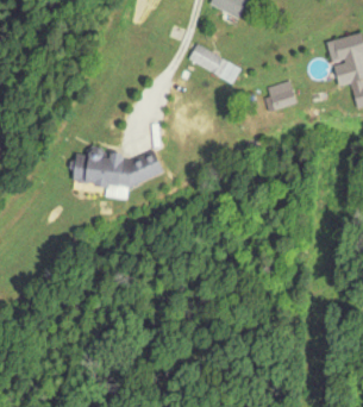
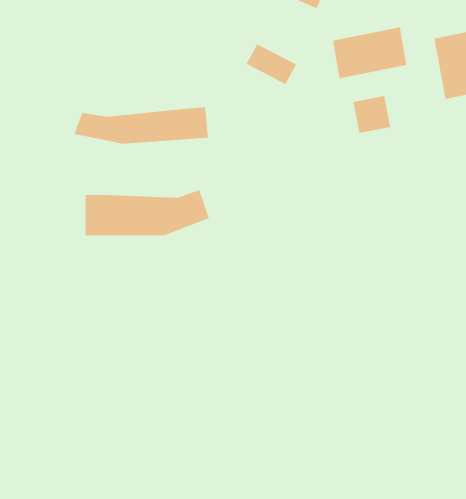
building: none -> [332,26,407,79]
building: none -> [73,107,209,144]

